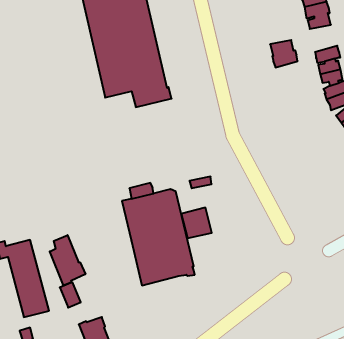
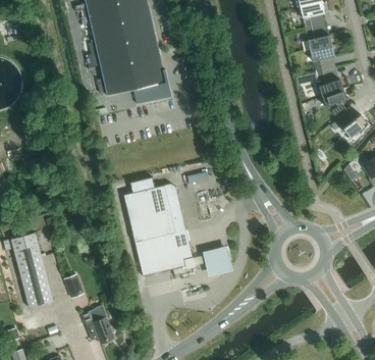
building: [270,40,298,67] -> [305,24,331,51]
building: [181,208,212,238] -> [202,246,231,275]
building: [50,235,85,285] -> none

